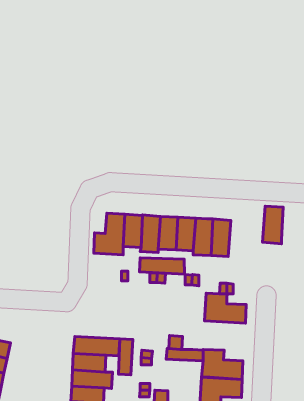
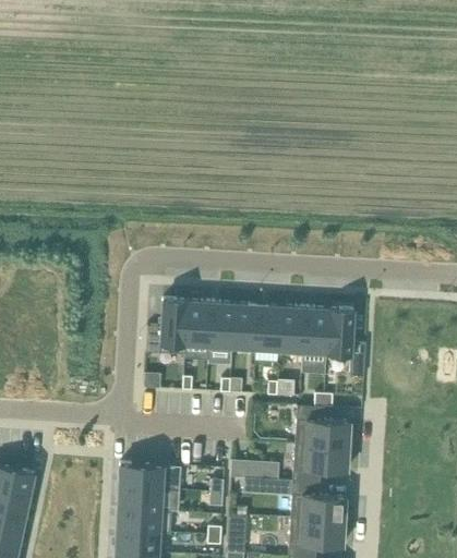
building: [263,206,283,244] -> [326,310,353,360]
building: [139,258,184,274] -> none
building: none -> [292,444,349,483]
building: [119,339,133,375] -> none

